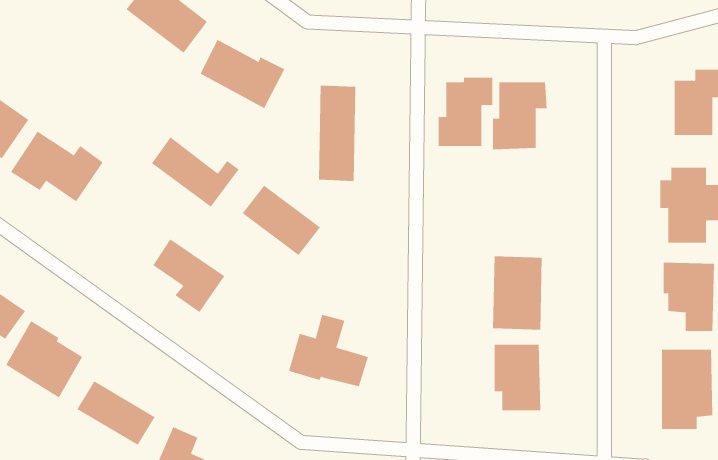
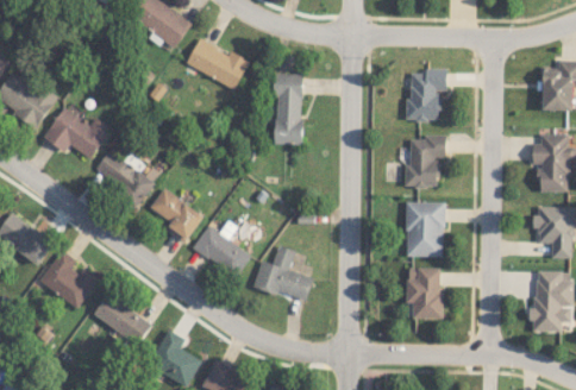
building: [438,77,493,147] -> [403,136,445,188]
building: [151,136,240,208] -> [93,150,159,203]
building: [242,185,321,256] -> [190,225,250,278]

